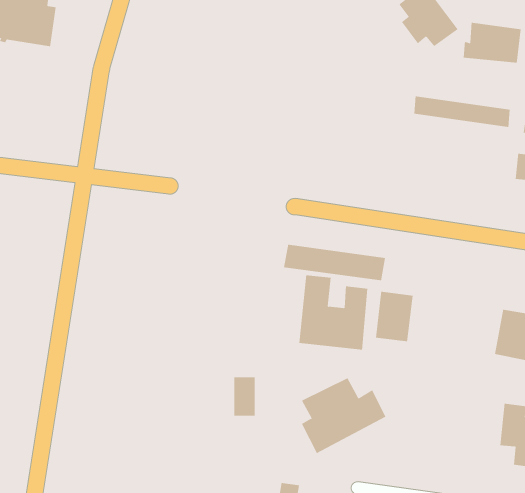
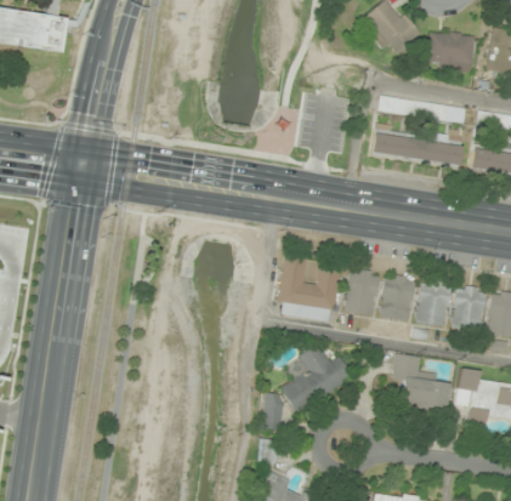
building: [283,244,386,281] -> [371,132,462,165]
building: none -> [382,274,416,313]
building: none -> [416,280,450,325]
building: [233,377,255,416] -> [263,394,283,429]
building: none -> [393,354,449,410]

